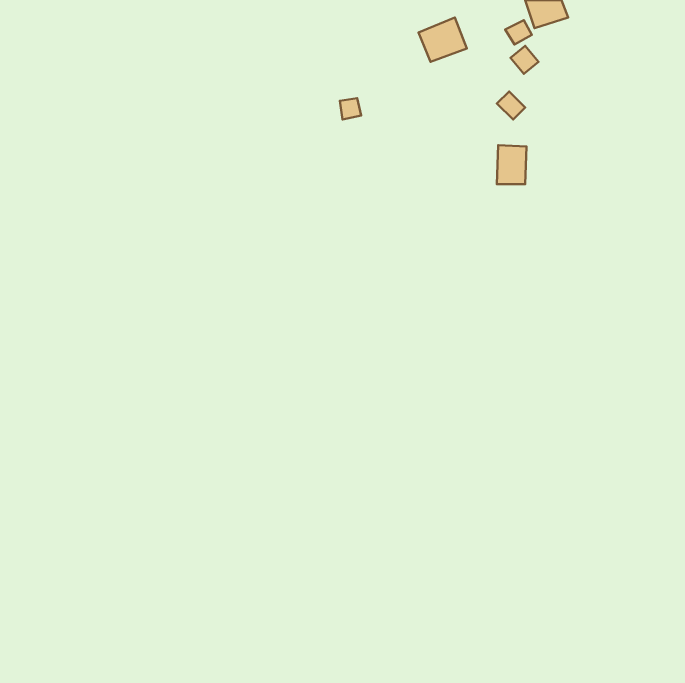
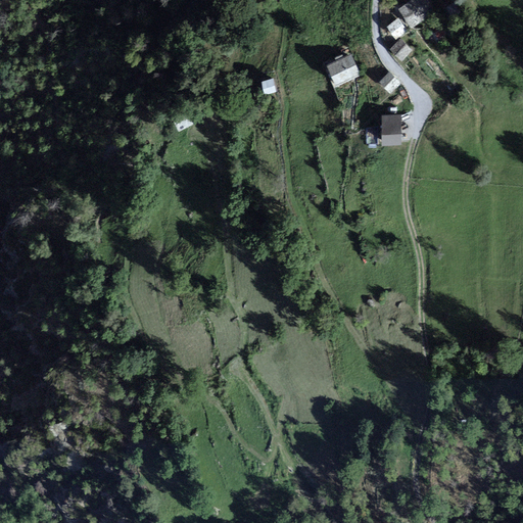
building: [418,18,467,62] -> [324,52,361,86]

